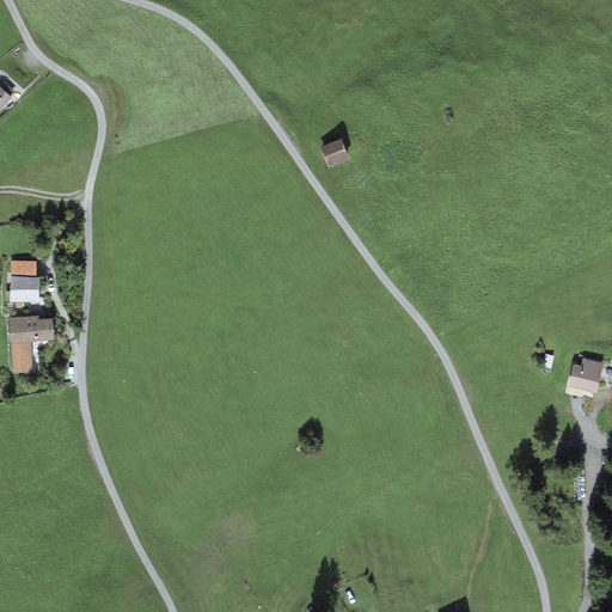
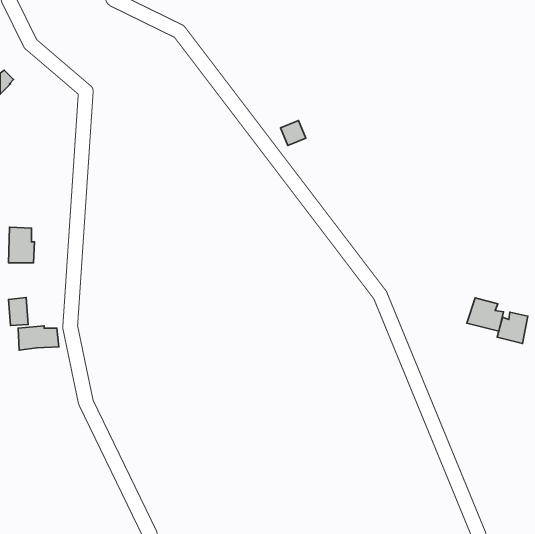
building: [8,314,55,342] -> [18,326,59,350]
building: none -> [467,298,503,331]

